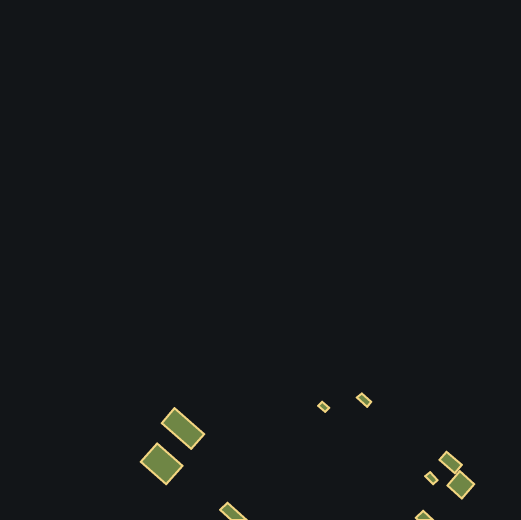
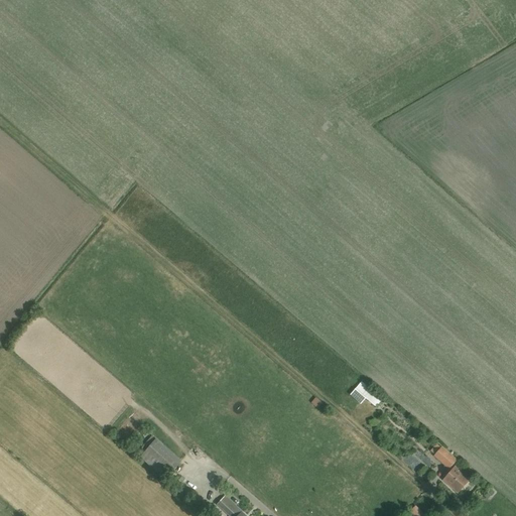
building: [162,408,204,449] -> none

